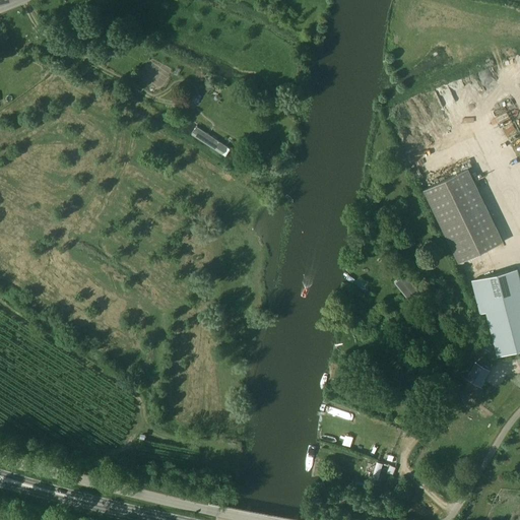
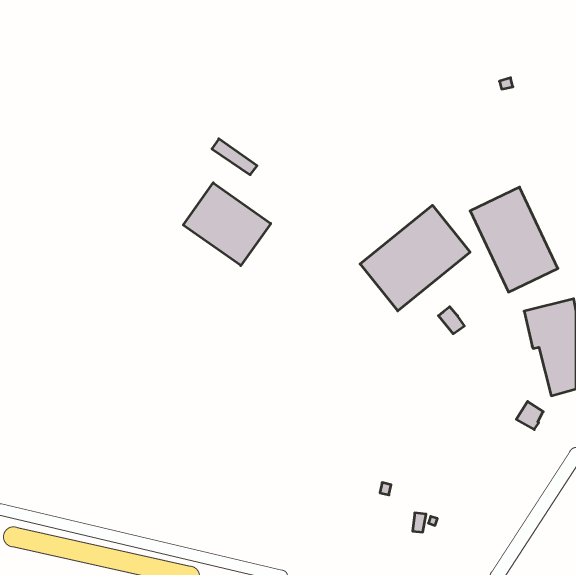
building: none -> [183,183,271,266]
building: none -> [360,205,470,311]

